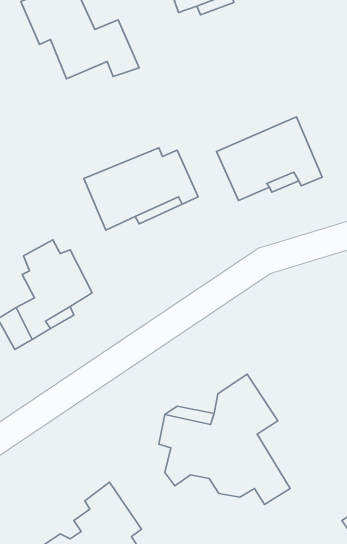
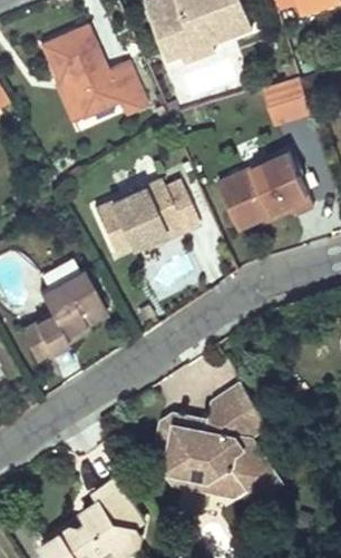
building: none -> [265,77,312,124]

